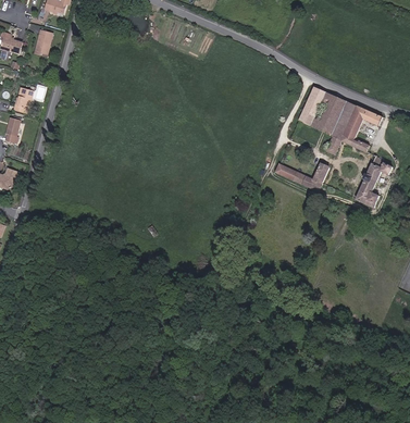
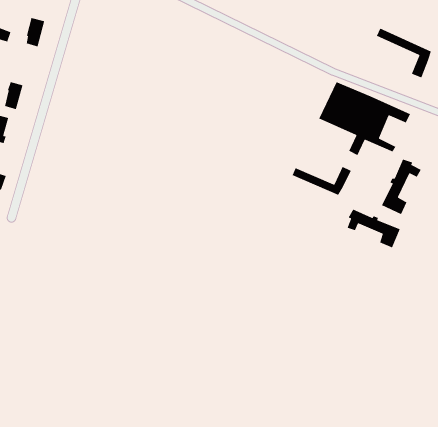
building: none -> [376,28,432,79]
building: none -> [346,208,401,249]

